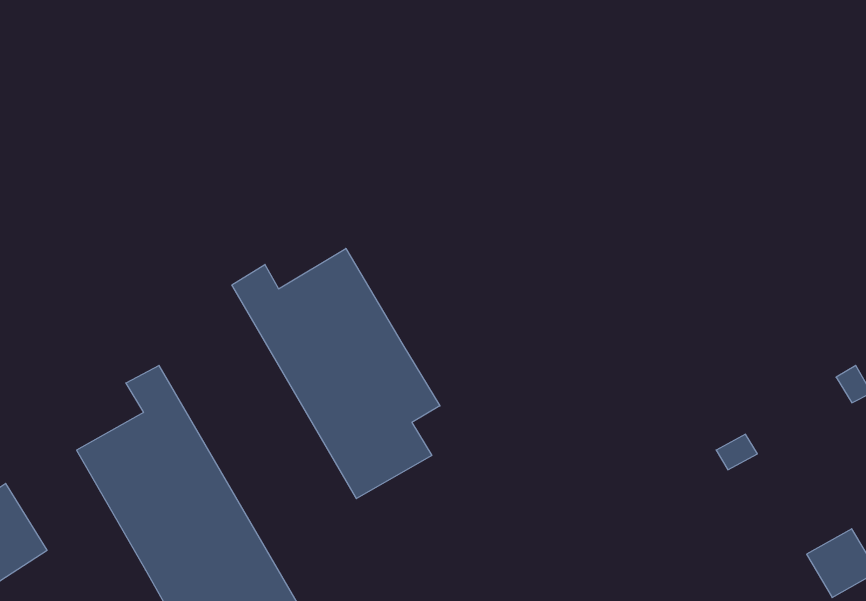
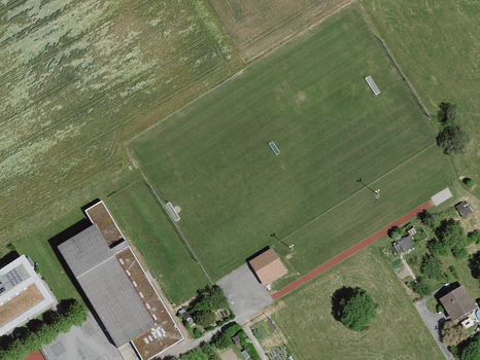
building: [232,248,440,499] -> none
building: none -> [249,247,286,285]

